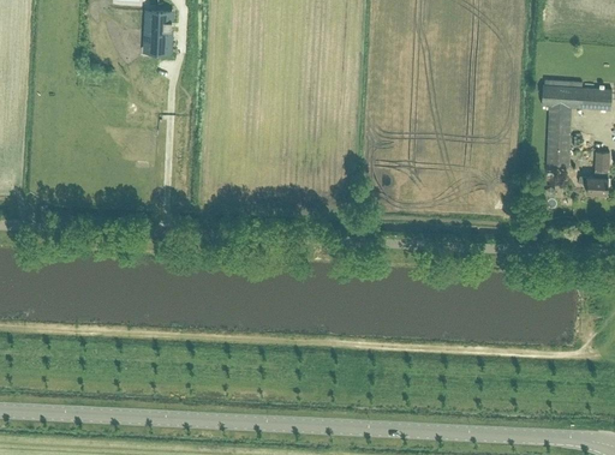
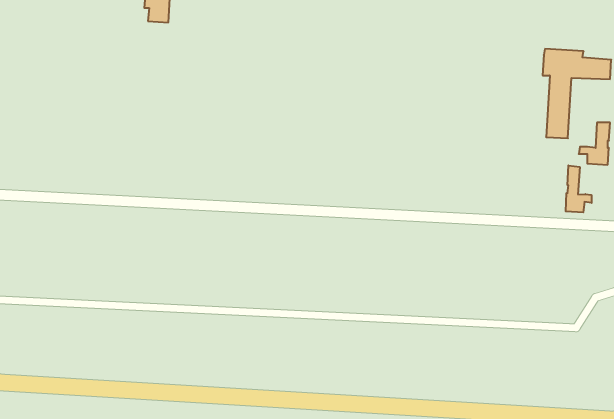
building: none -> [566,165,592,212]

